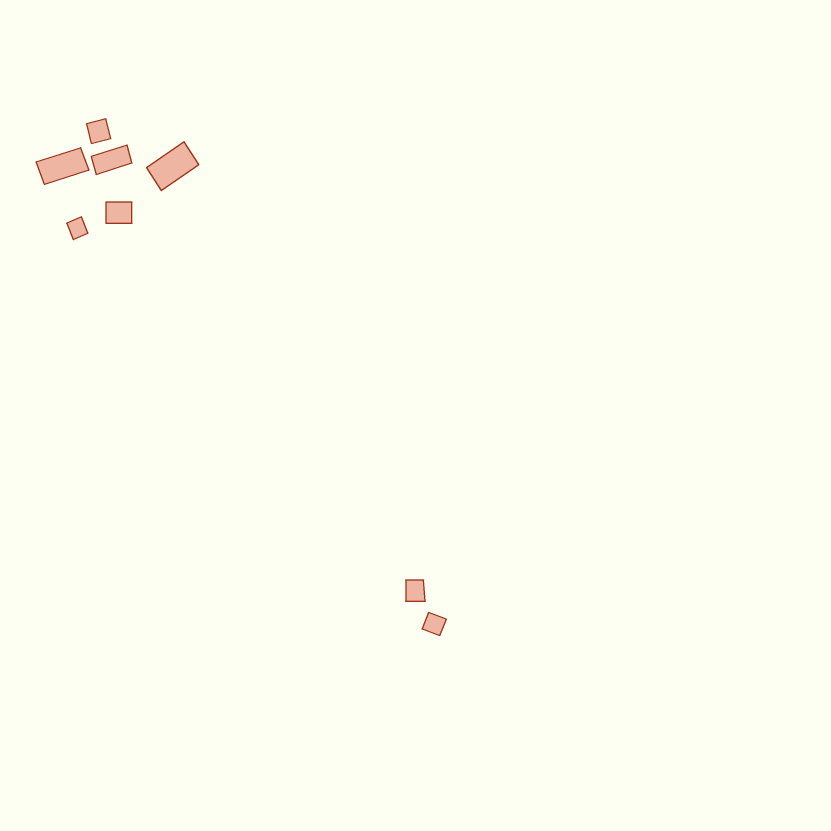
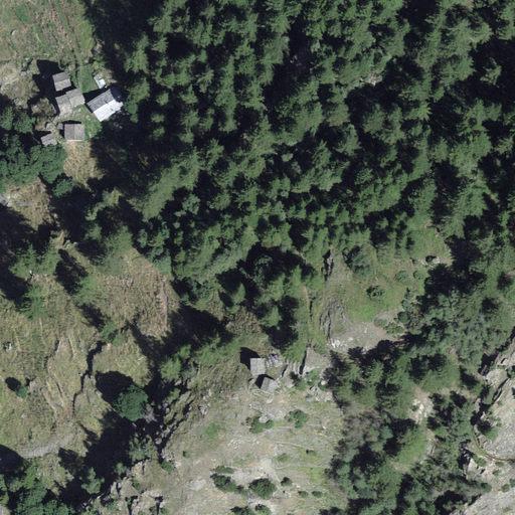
building: [36,148,89,184] -> none

